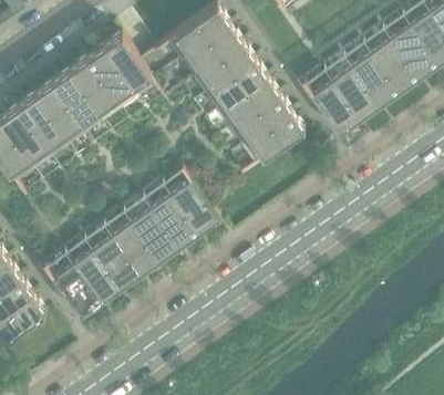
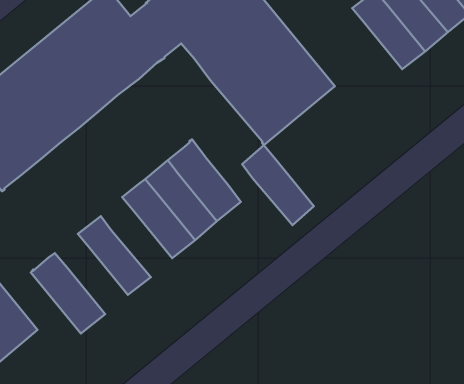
building: [300,63,359,132] -> none
building: [102,205,158,272] -> [242,145,314,225]
building: [62,232,120,300] -> none

